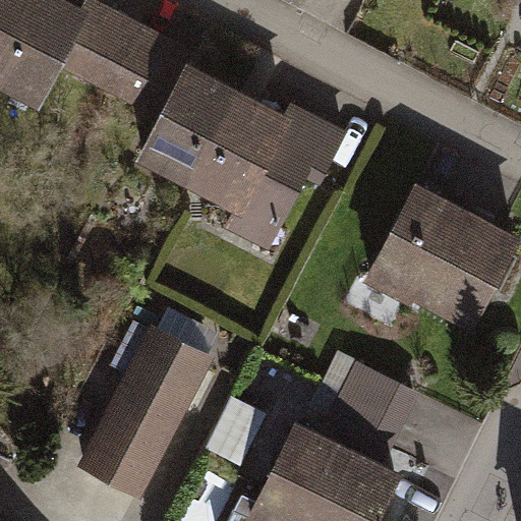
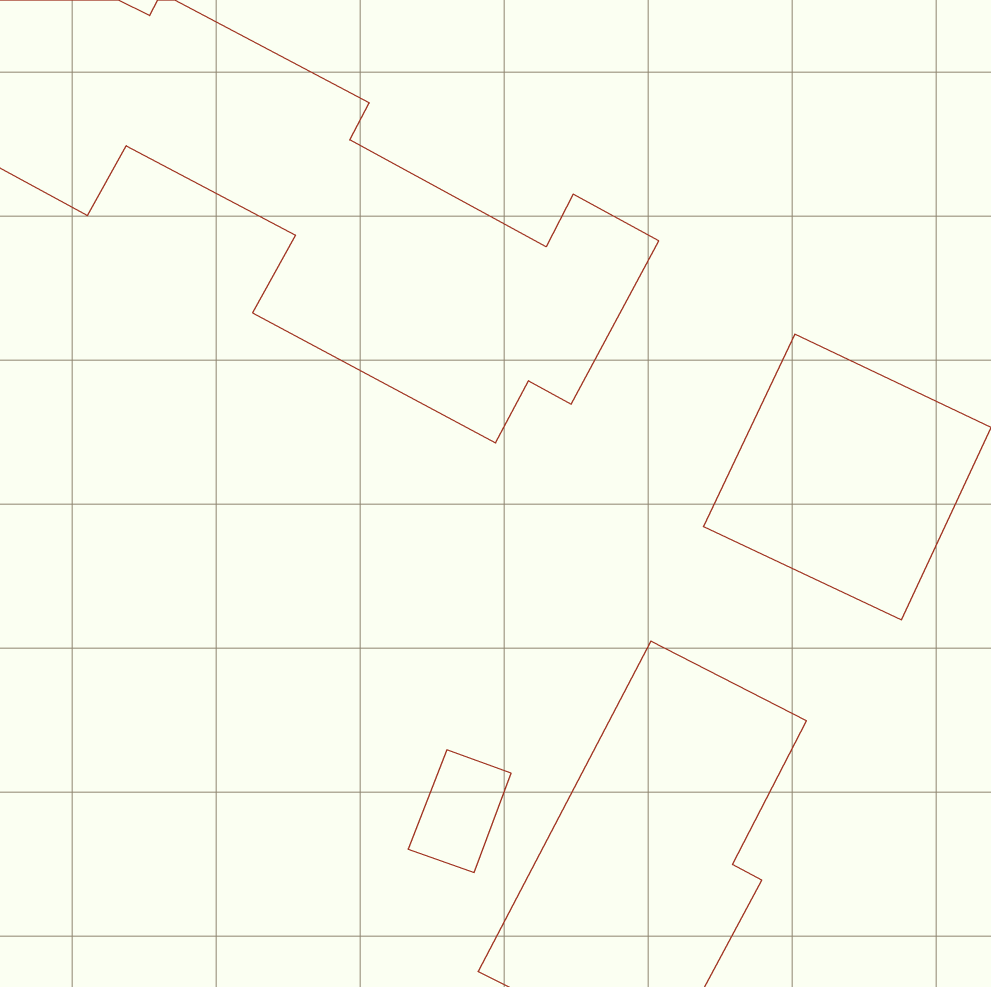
building: [82,309,222,485] -> none

